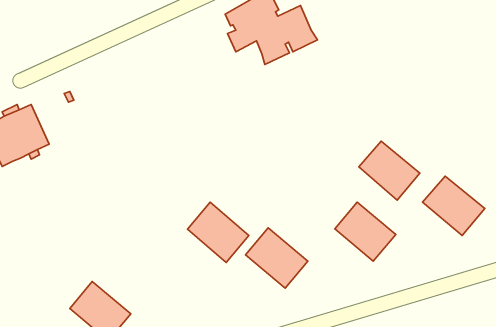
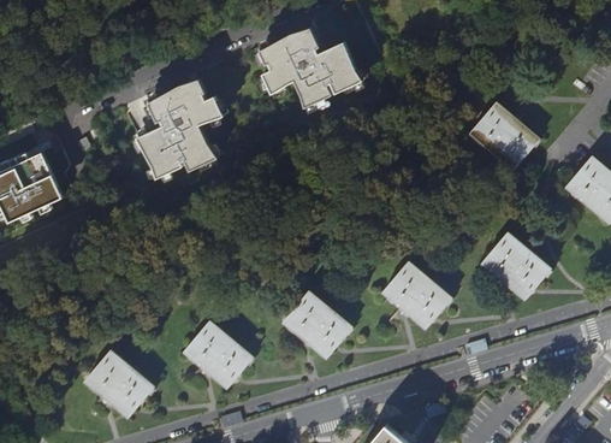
building: none -> [137,78,224,178]
building: [359,141,420,200] -> [470,102,539,169]
building: [188,202,249,262] -> [184,320,253,388]

